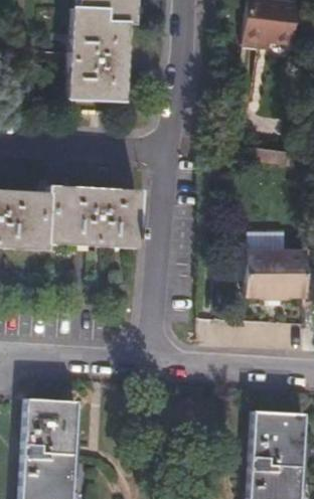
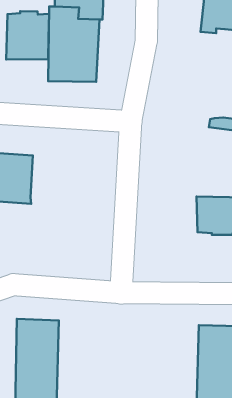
building: none -> [6,11,49,60]
building: [42,187,139,252] -> none

